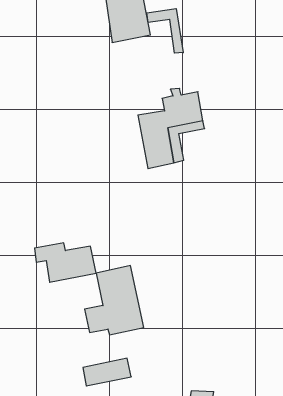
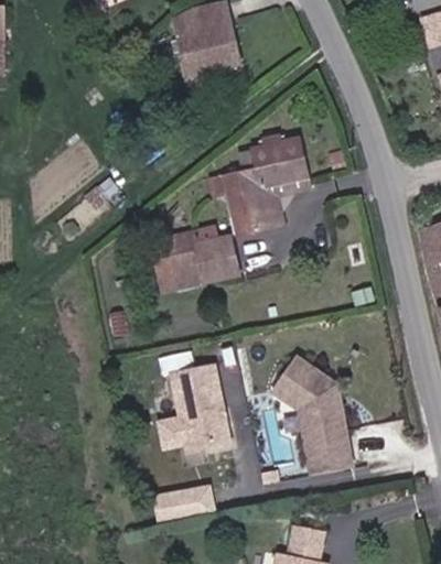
building: [147,9,183,53] -> none
building: [35,243,96,282] -> [153,231,235,283]
building: none -> [265,354,354,475]

